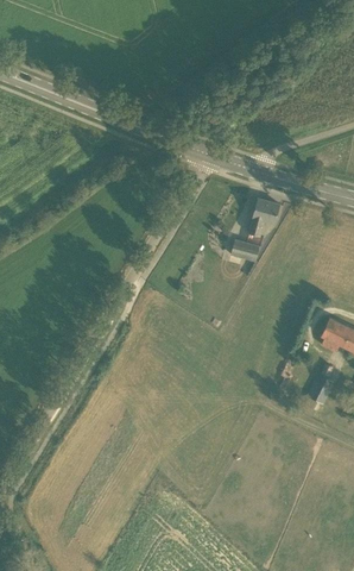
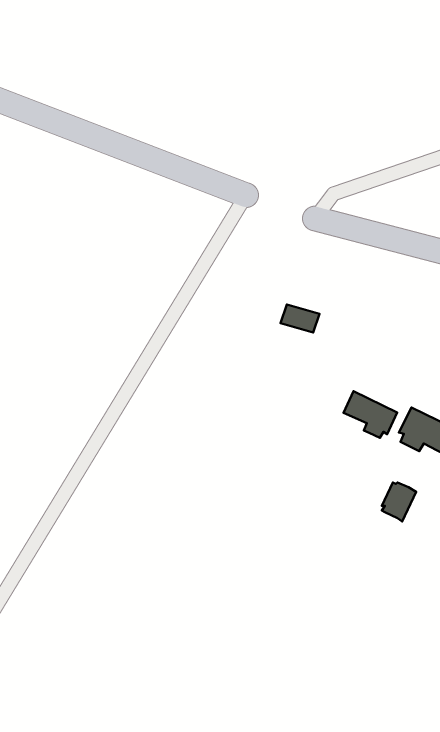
building: [248,199,279,236] -> none
building: none -> [343,391,397,438]

